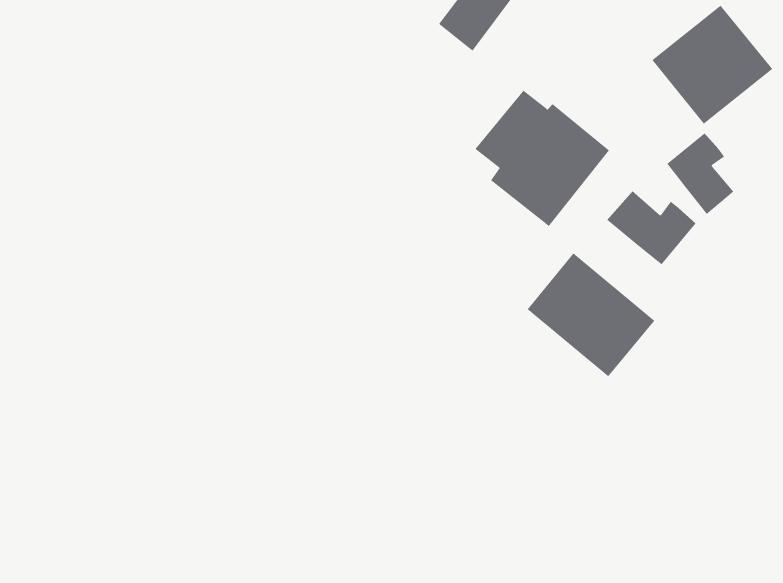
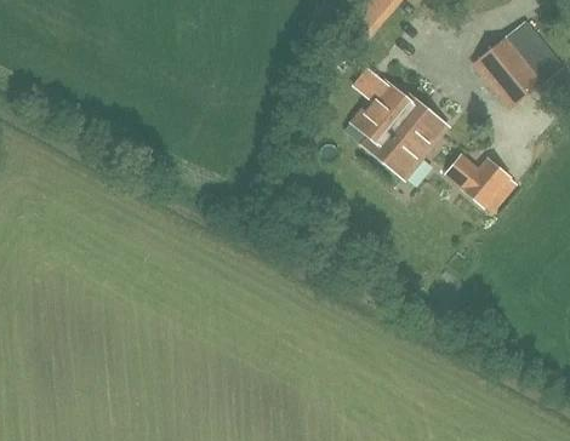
building: [666,133,734,215] -> none
building: [527,253,655,377] -> none

